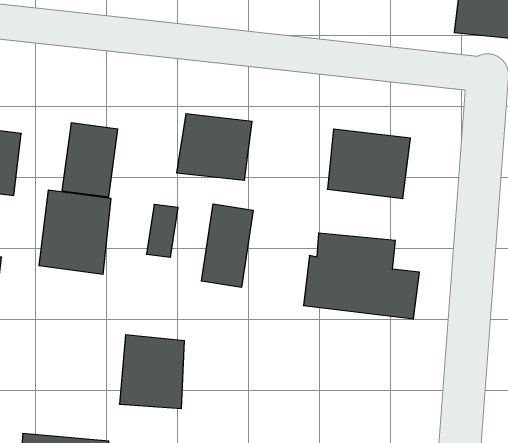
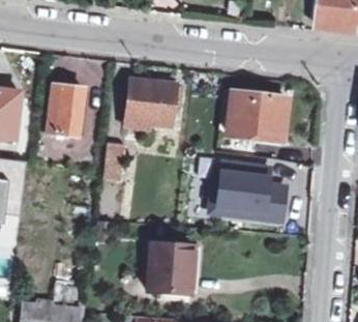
building: [39,190,111,274] -> none
building: [201,204,253,287] -> none
building: [119,335,184,409] -> [149,243,193,294]

